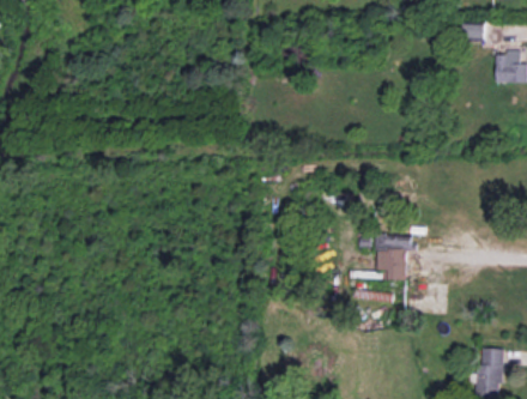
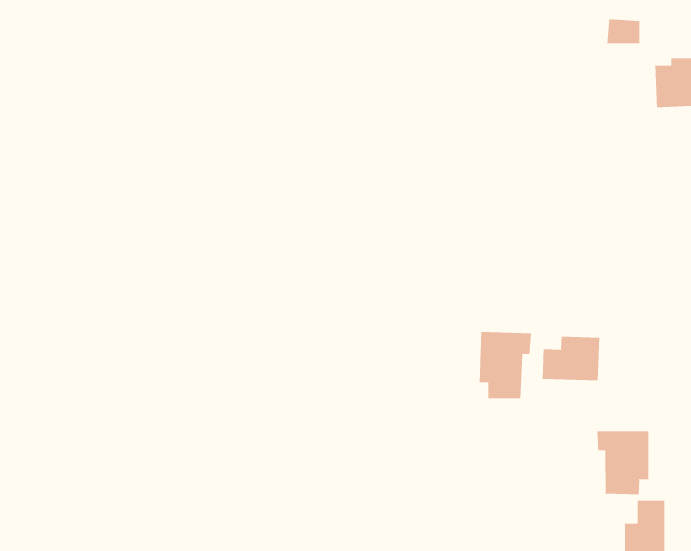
building: none -> [542,336,600,381]
building: none -> [597,431,649,495]

